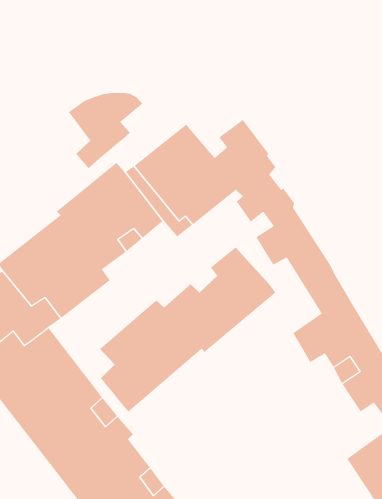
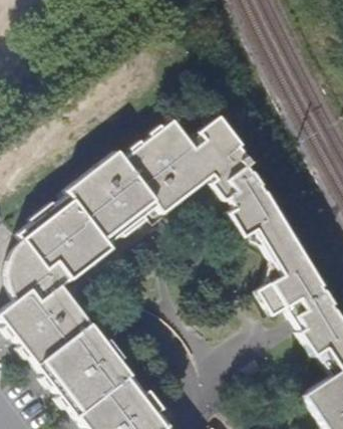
building: [68,92,143,169] -> none
building: [99,246,276,412] -> none

